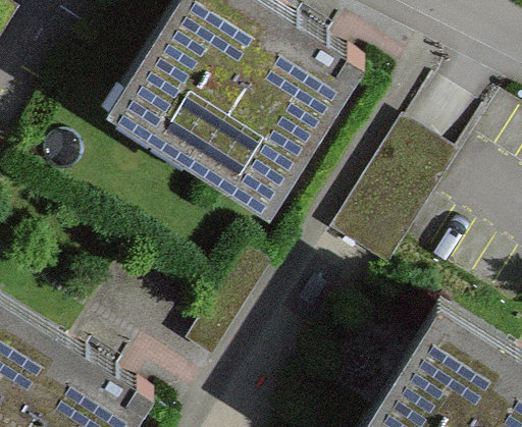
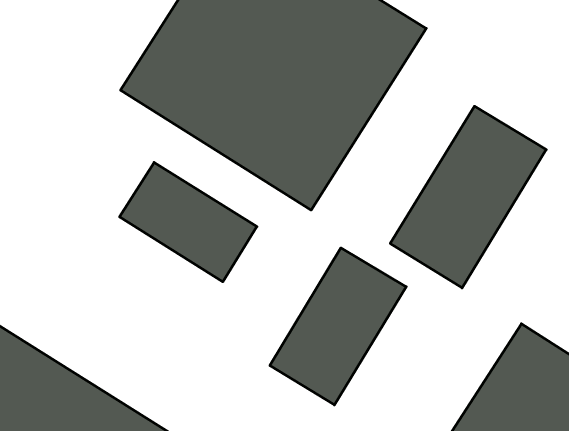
building: none -> [120,162,257,282]
building: none -> [270,248,406,405]

